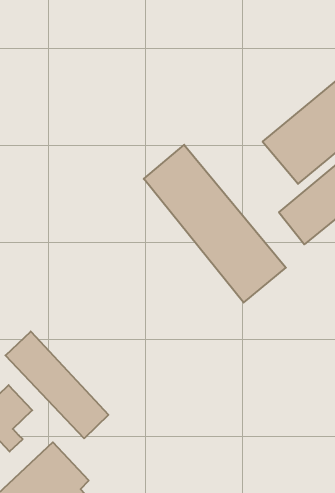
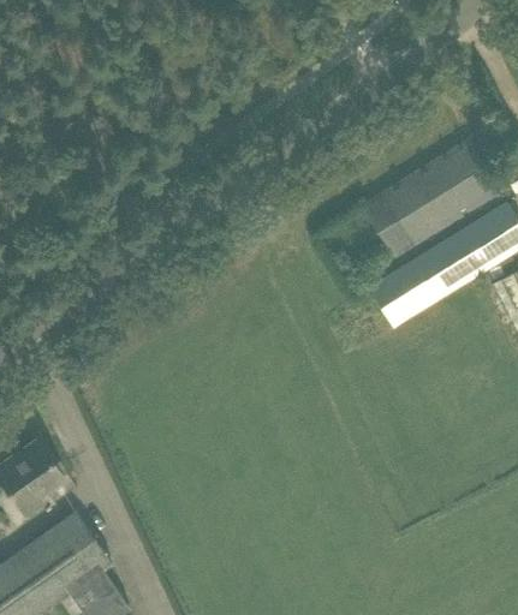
building: [144,145,286,303] -> none
building: [5,331,108,438] -> none

